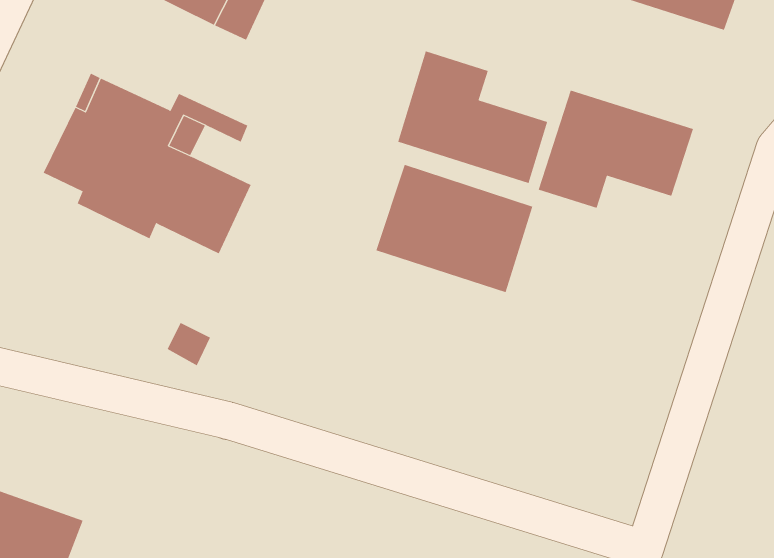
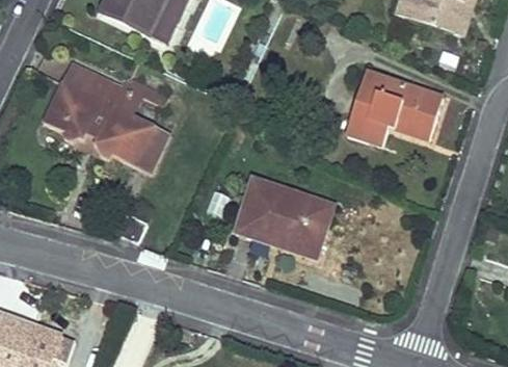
building: [397,51,548,184] -> none
building: [376,164,533,293] -> [235,179,331,258]

